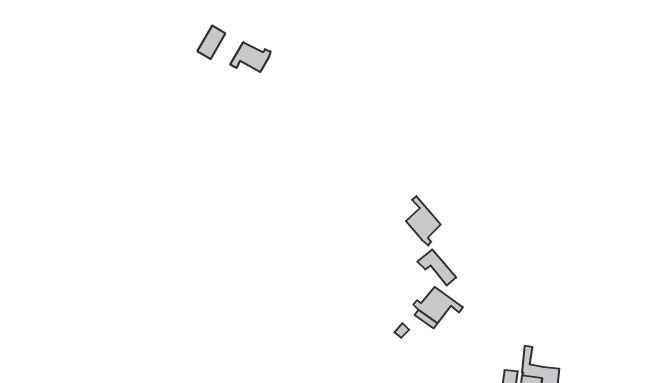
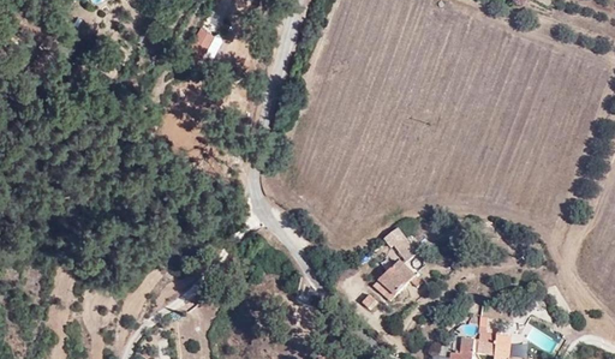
building: [230,42,271,72] -> none
building: [406,196,441,246] -> none

